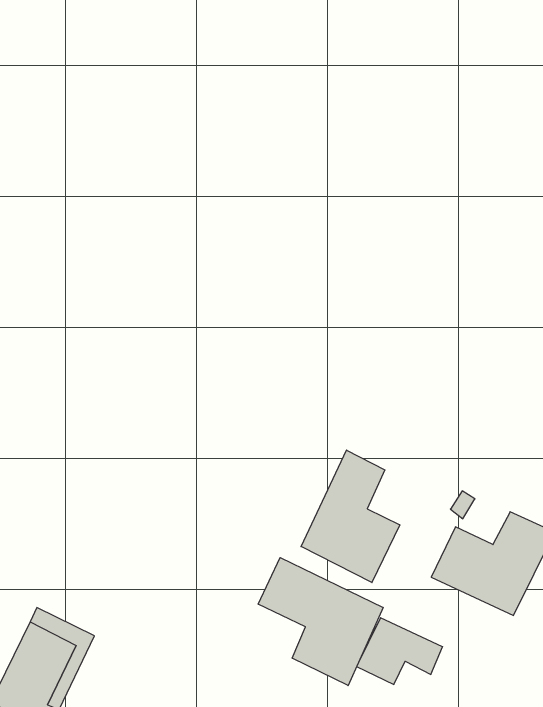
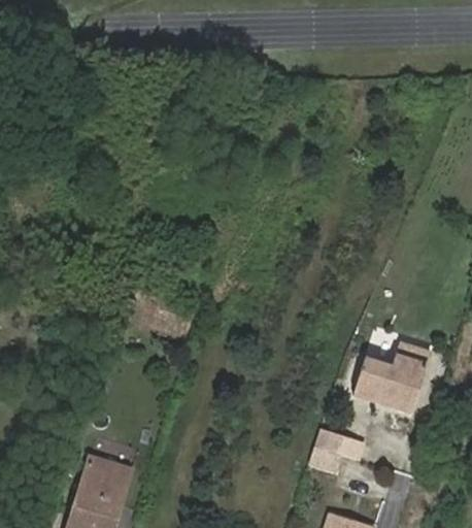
building: [301,450,400,583] -> none
building: [258,558,383,686] -> none

